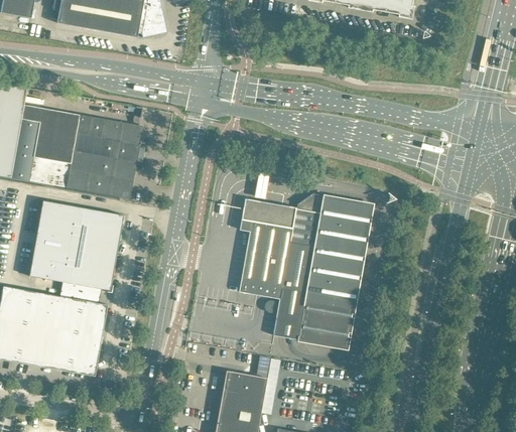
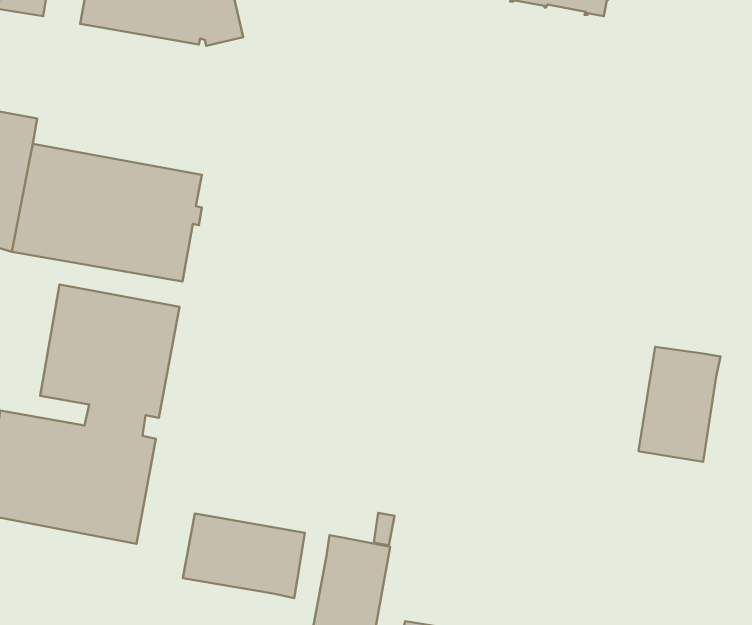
building: [240,193,372,346] -> none
building: none -> [638,347,720,462]
building: none -> [183,514,305,598]

